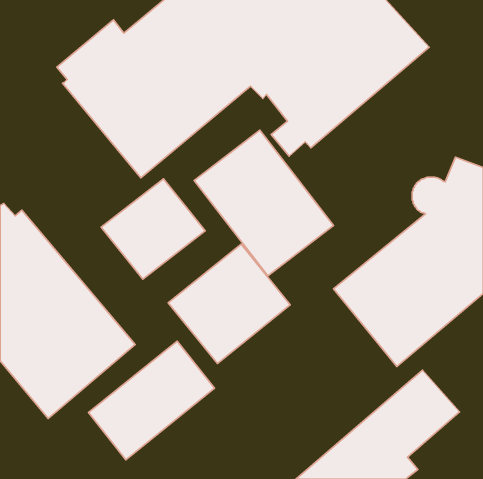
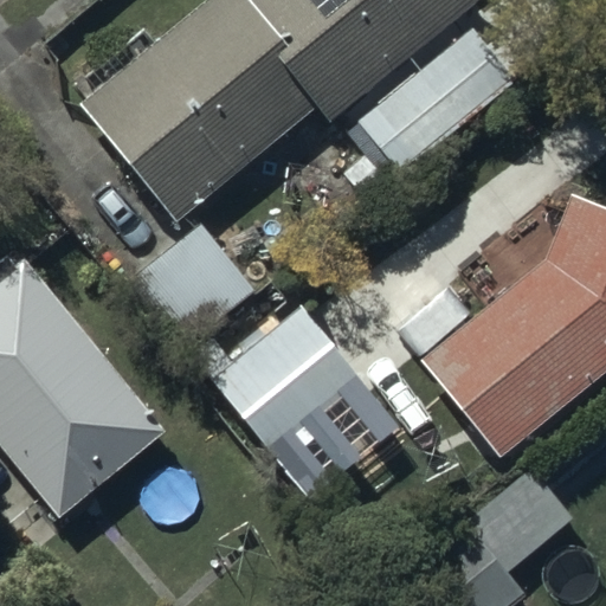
building: [194,130,334,276] -> none
building: [89,341,215,460] -> none

